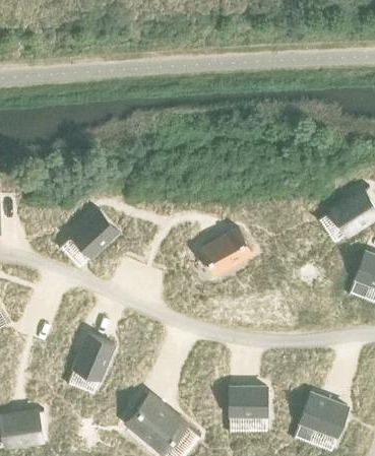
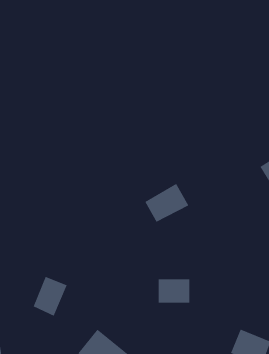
building: [72,212,118,258] -> none
building: [229,389,265,416] -> [158,279,190,303]

